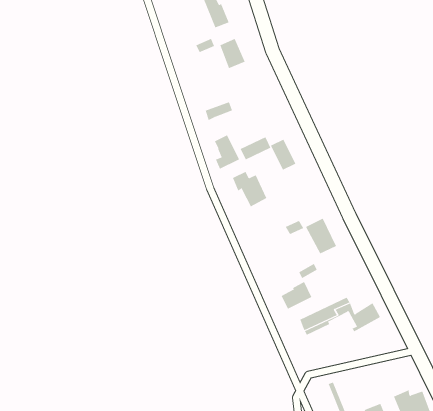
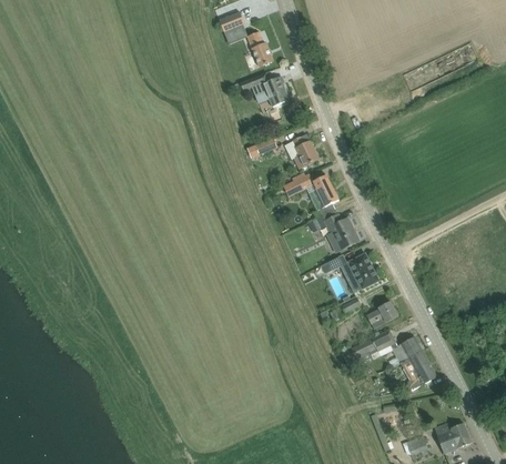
building: [214,135,240,170] -> [292,134,317,169]
building: [232,171,267,207] -> [324,214,358,250]
building: [281,281,312,310] -> [366,301,397,329]
building: none -> [395,351,436,384]

